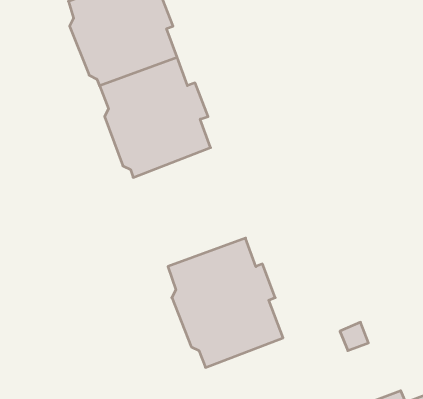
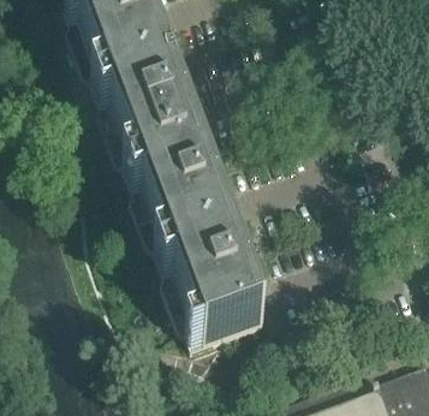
building: none -> [133,149,238,260]

